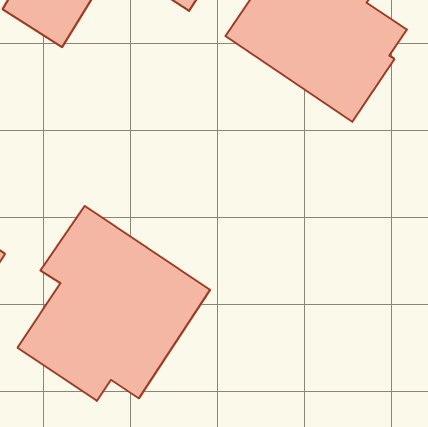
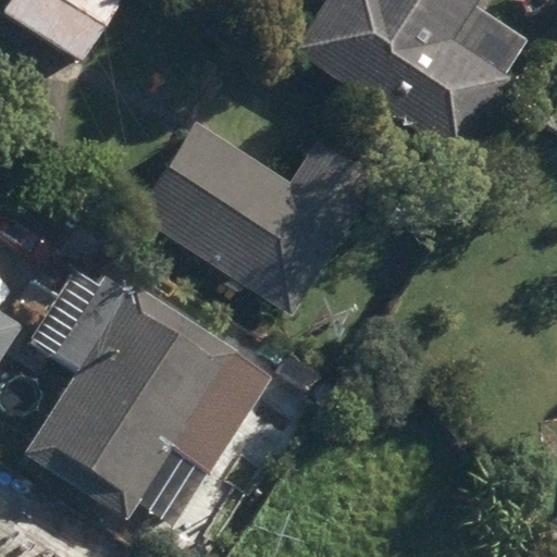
building: none -> [134,120,376,312]

